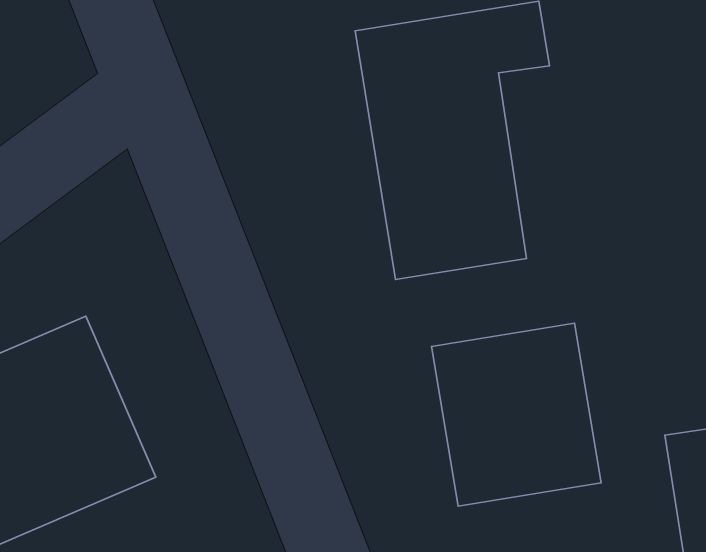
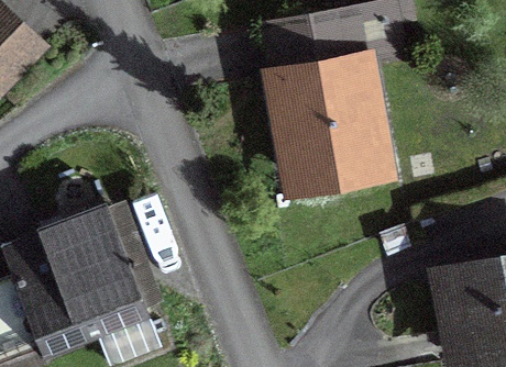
building: [432,323,601,506] -> none

